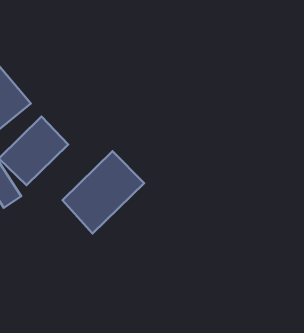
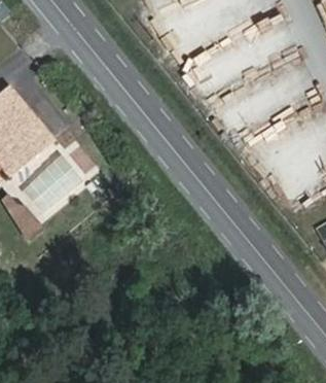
building: [62,151,144,234] -> none

